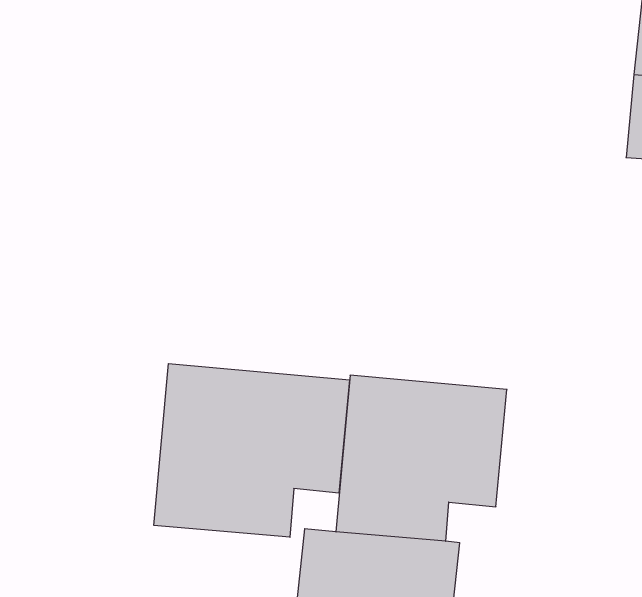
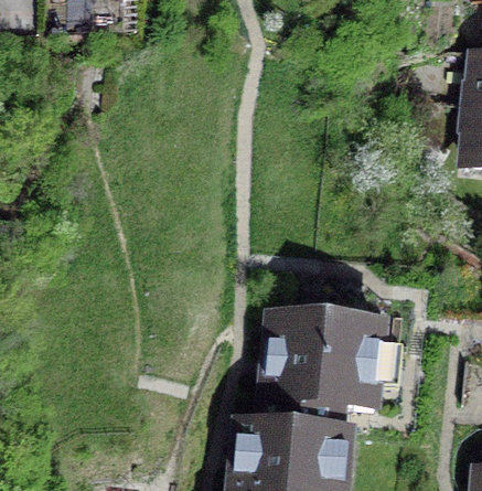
building: [154,364,350,537] -> none

